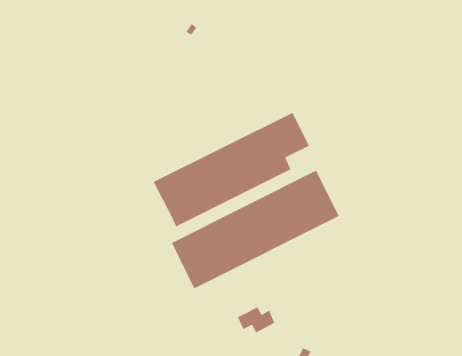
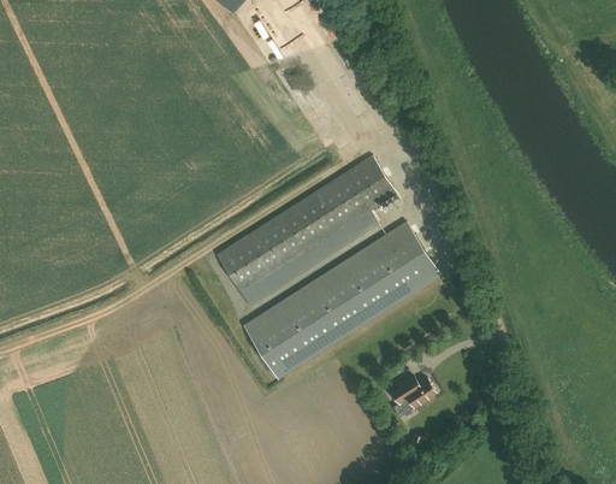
building: [237,307,275,333] -> [389,374,434,406]

